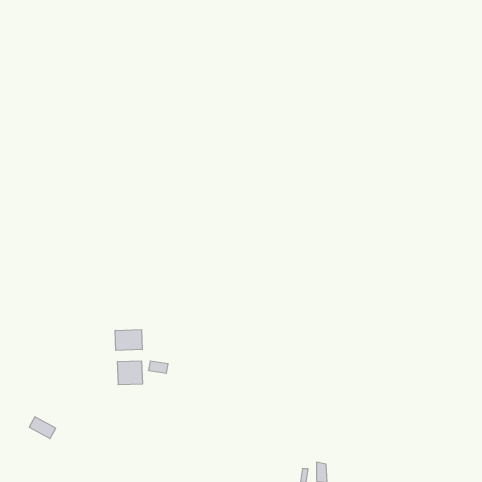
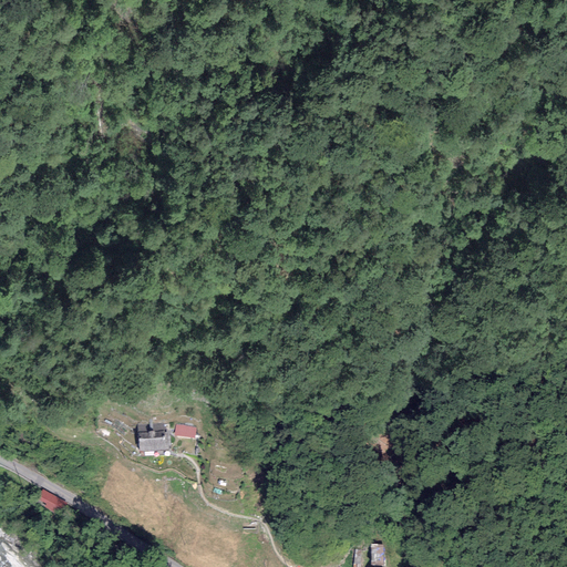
building: [115,330,142,350] -> none

